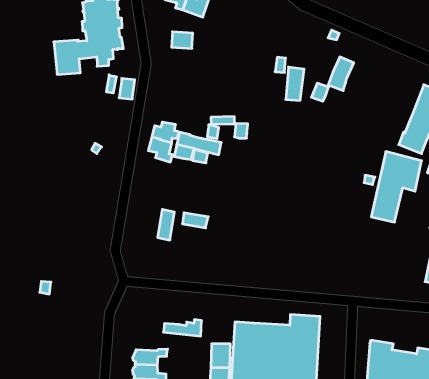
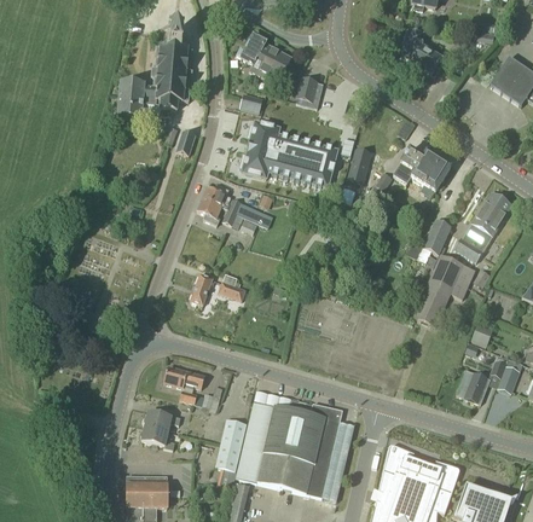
building: none -> [295,76,324,106]
building: none -> [241,120,338,185]
building: none -> [411,150,451,196]
building: none -> [422,218,452,255]
building: none -> [163,365,205,387]

